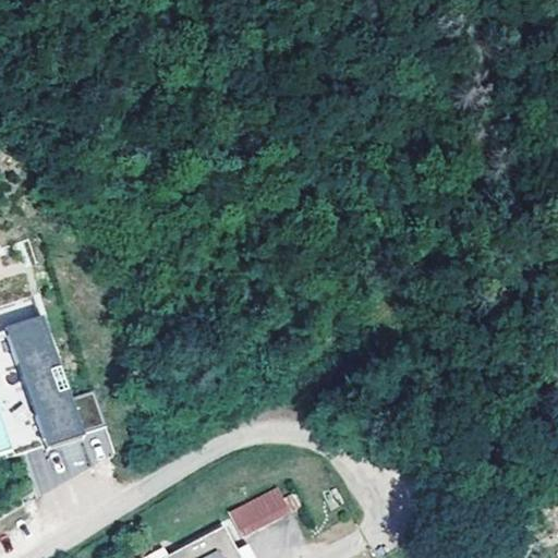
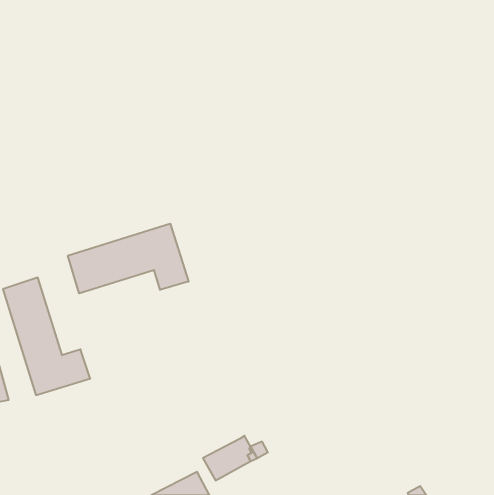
building: none -> [68,224,189,293]

